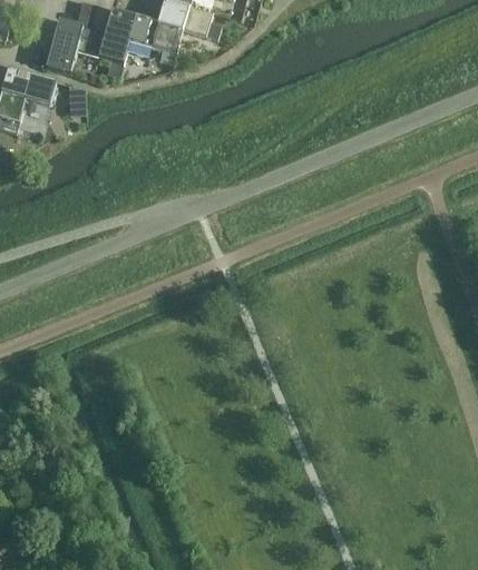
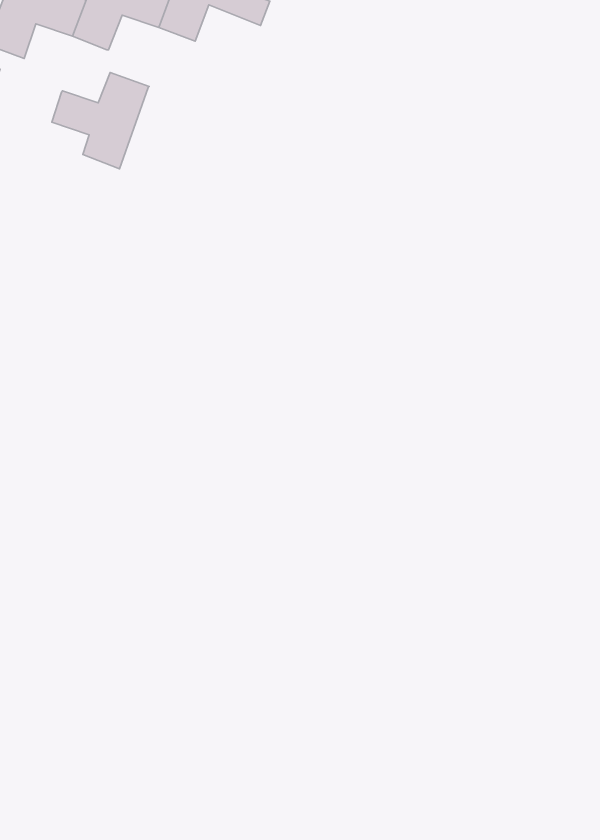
building: none -> [52,73,149,169]

